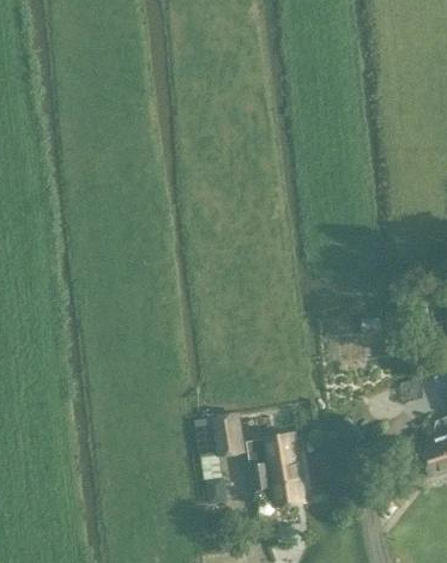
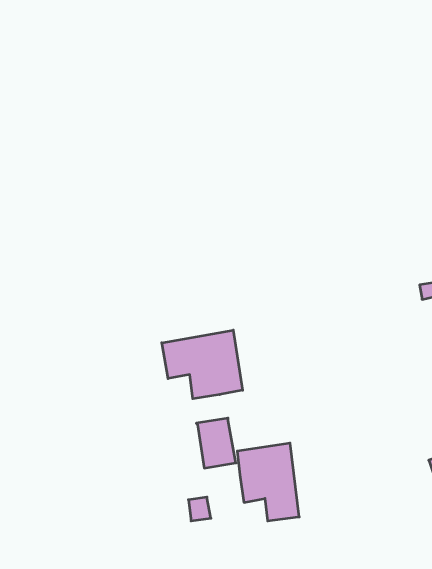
building: none -> [162,330,243,399]

